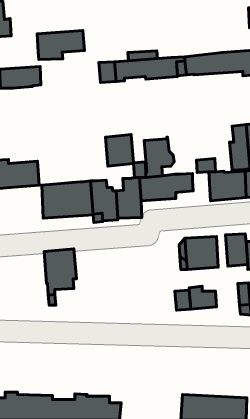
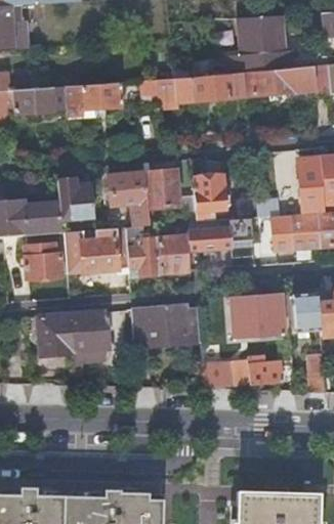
building: none -> [225,16,289,75]
building: [37,31,84,60] -> [64,82,122,118]
building: none -> [110,173,149,227]
building: none -> [58,178,93,220]
building: none -> [25,244,62,278]
building: none -> [132,305,196,347]
building: none -> [37,314,72,357]
building: none -> [201,355,233,389]

